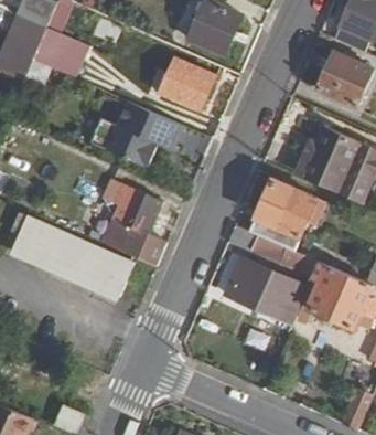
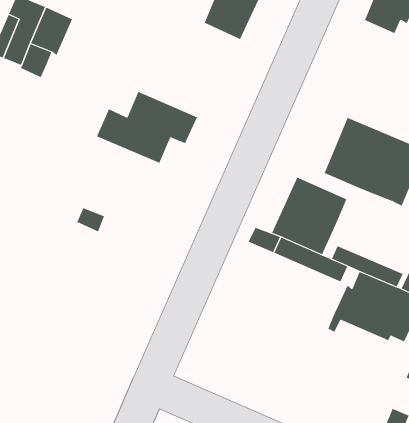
building: [319,51,357,96] -> none
building: [159,56,214,109] -> none
building: [101,187,166,265] -> none
building: [11,214,133,298] -> none
building: [226,257,307,316] -> none

